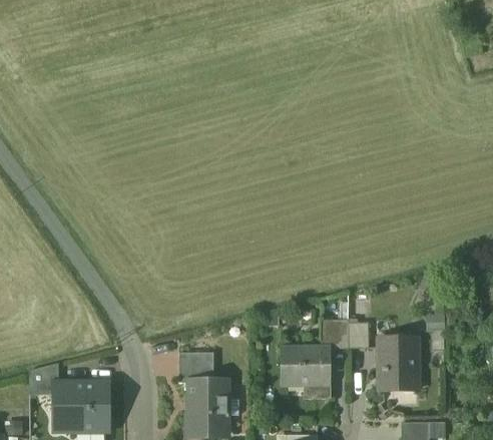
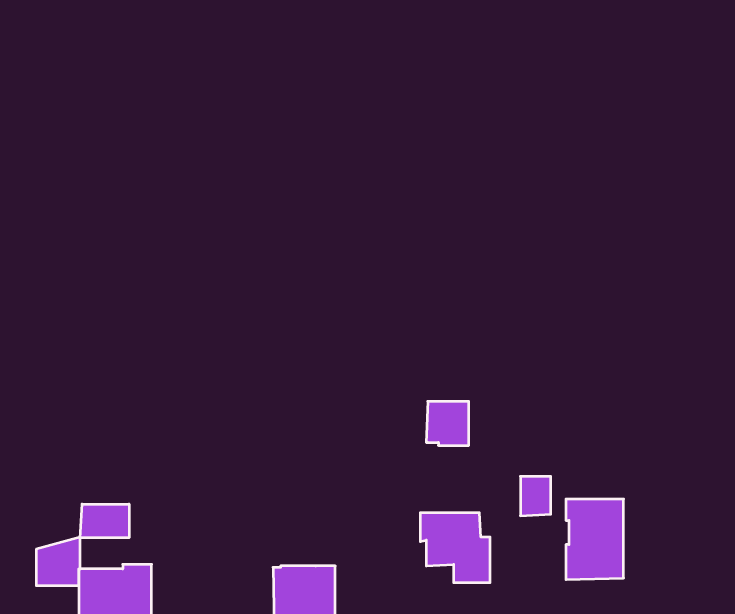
building: [322,321,350,350] -> [426,401,469,445]
building: none -> [80,504,129,538]
building: [180,354,214,384] -> none

